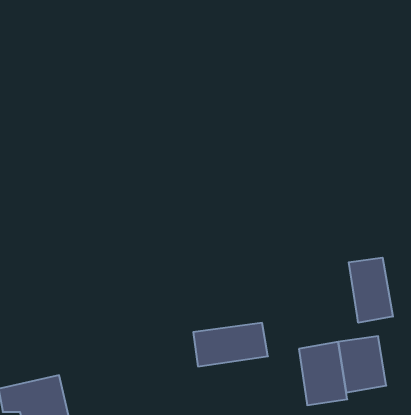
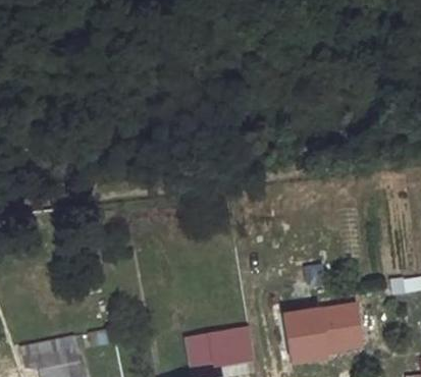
building: [349,258,393,323] -> none
building: [193,323,268,366] -> [188,329,254,368]

